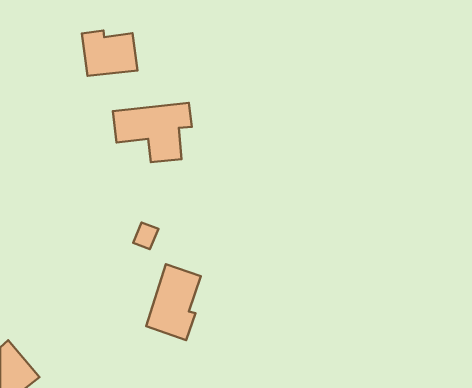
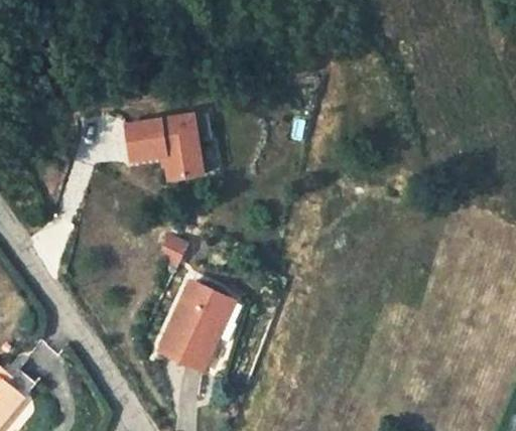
building: [82,30,137,76] -> none

